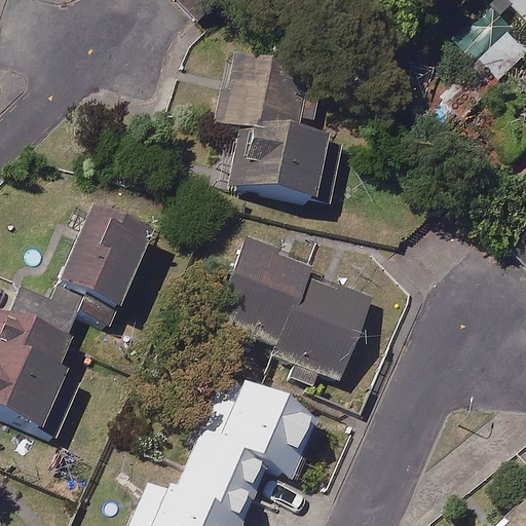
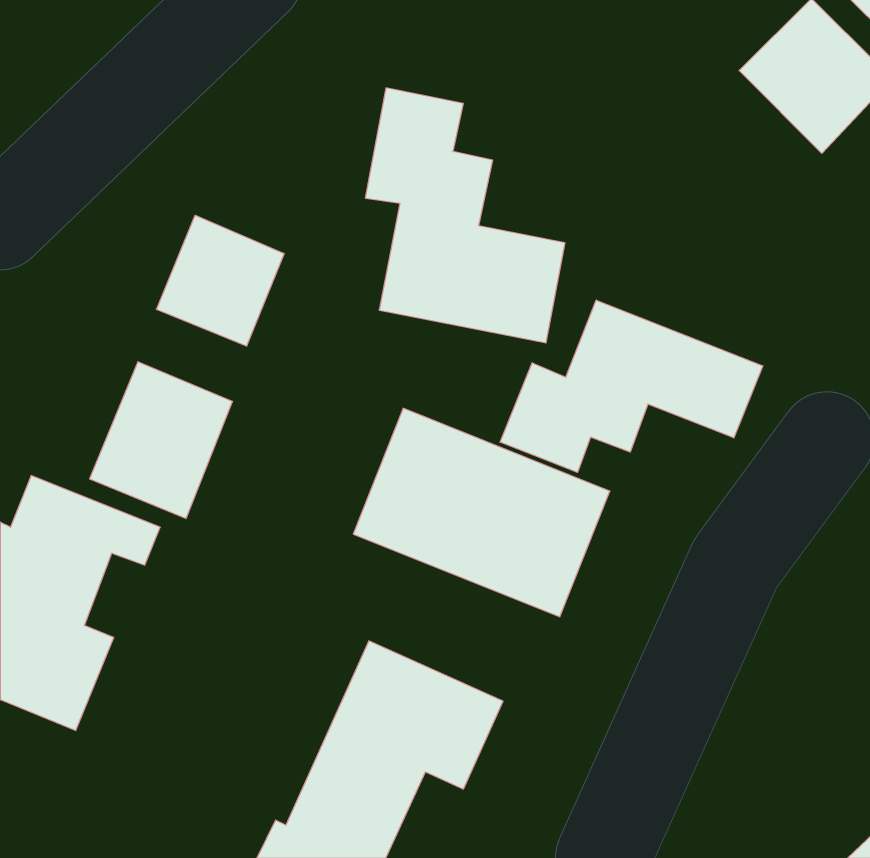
building: none -> [157,215,284,346]
building: none -> [500,300,763,472]

